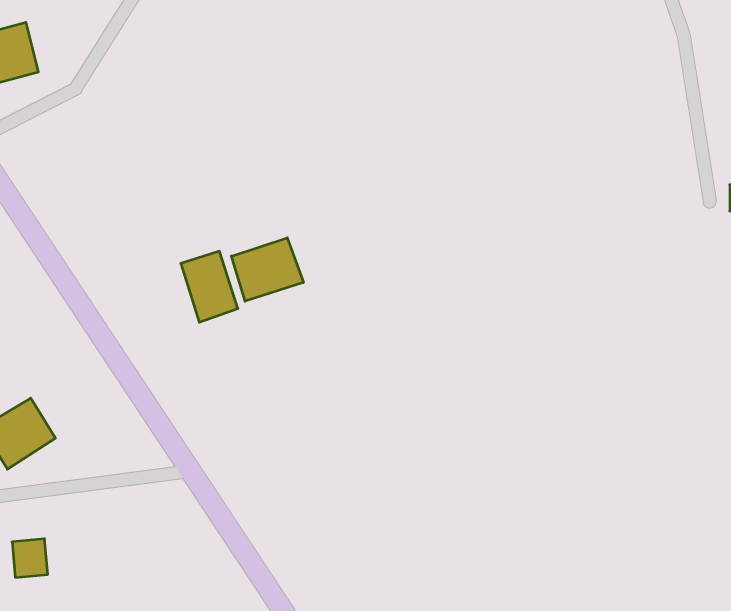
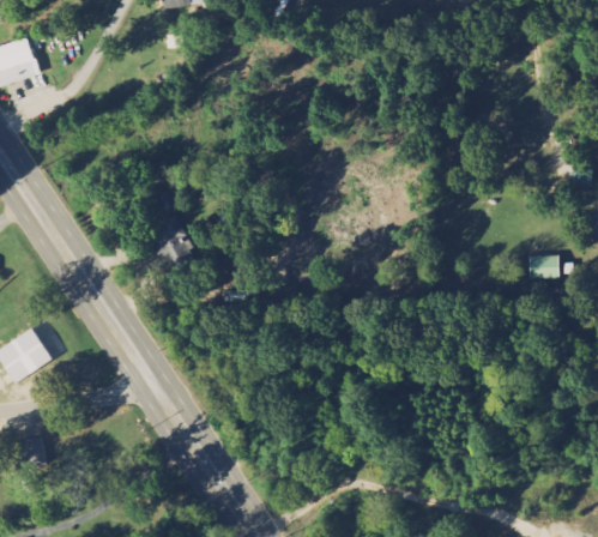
building: [231,238,303,301] -> none
building: none -> [528,254,560,278]

